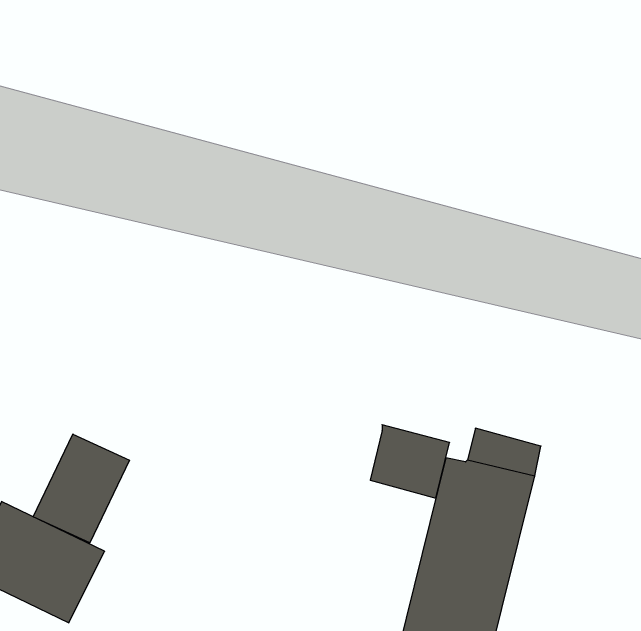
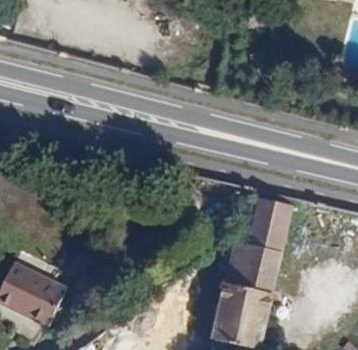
building: [370,425,450,498] -> [253,198,293,235]
building: [33,434,129,543] -> none

